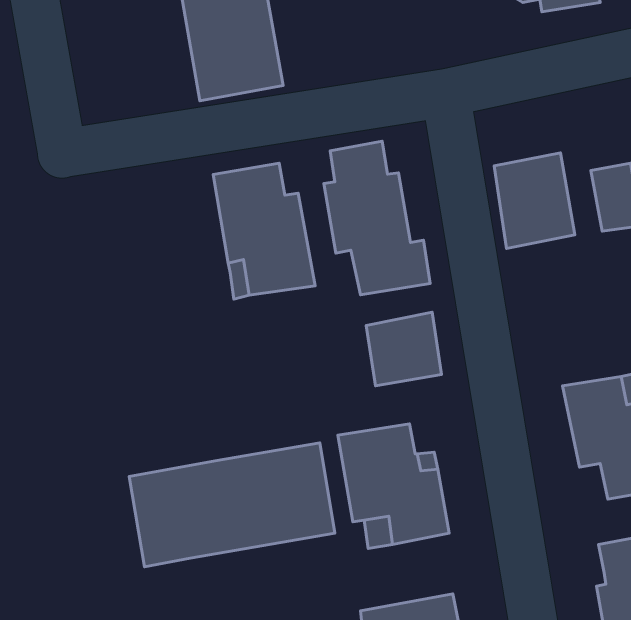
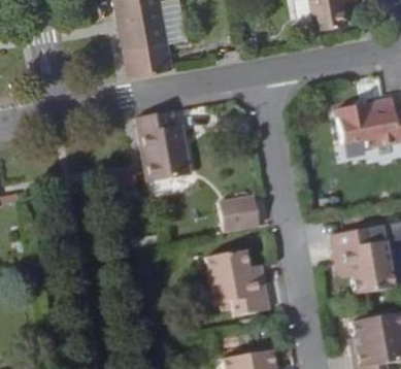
building: [324,141,430,295] -> none
building: [494,153,575,248] -> none
building: [129,443,335,567] -> none

